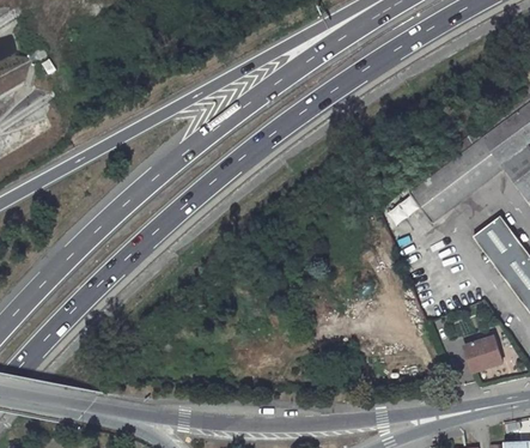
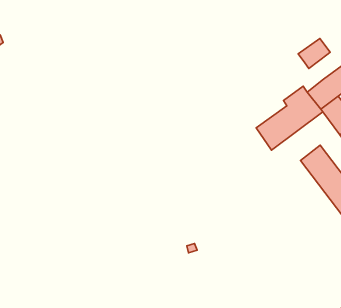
building: none -> [298,39,330,68]
building: [464,337,502,371] -> none

